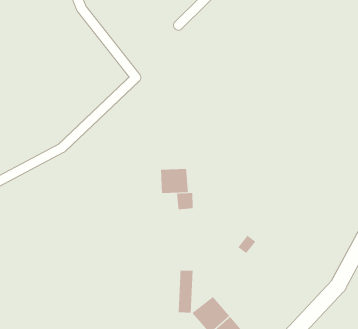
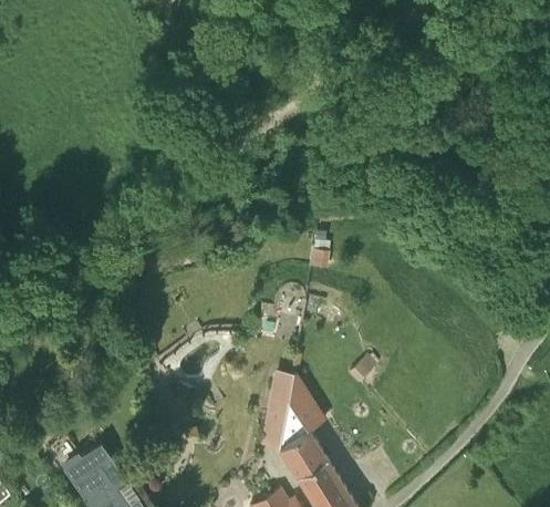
building: [161,168,188,194] -> none
building: none -> [278,372,323,447]

